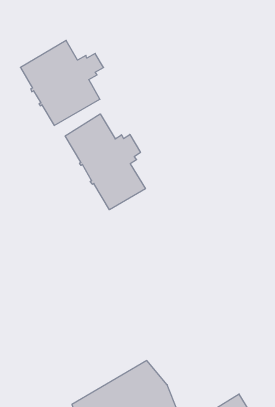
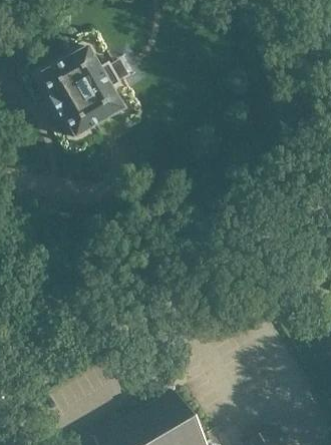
building: [65,114,145,210] -> none

